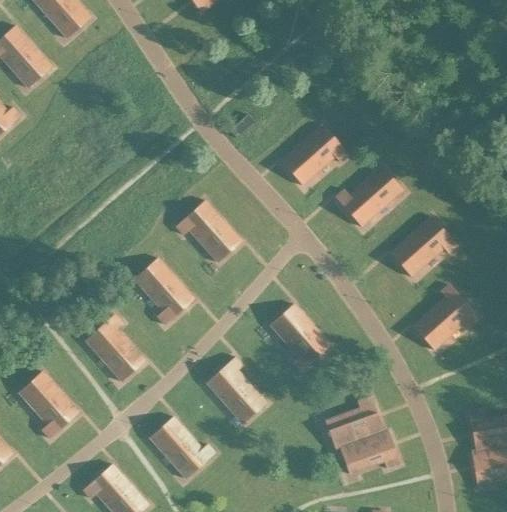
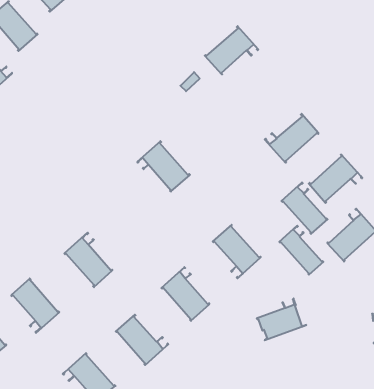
building: [281,125,348,185] -> [205,26,258,74]
building: none -> [281,182,328,234]
building: [134,258,194,325] -> none
building: none -> [279,226,323,275]
building: [335,429,400,474] -> none

